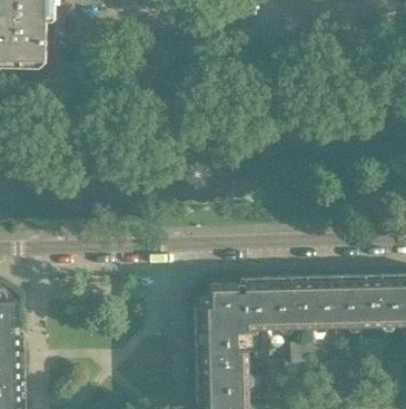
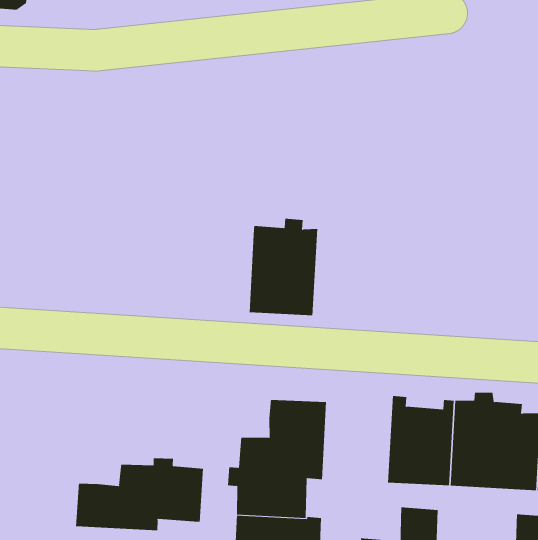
building: [240,272,279,329] -> [249,218,318,316]
building: none -> [76,457,203,531]

